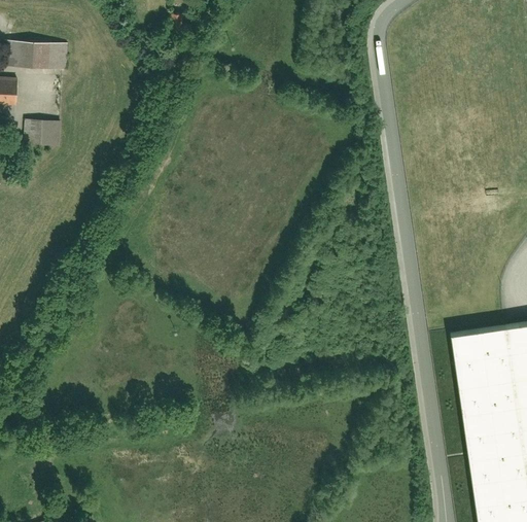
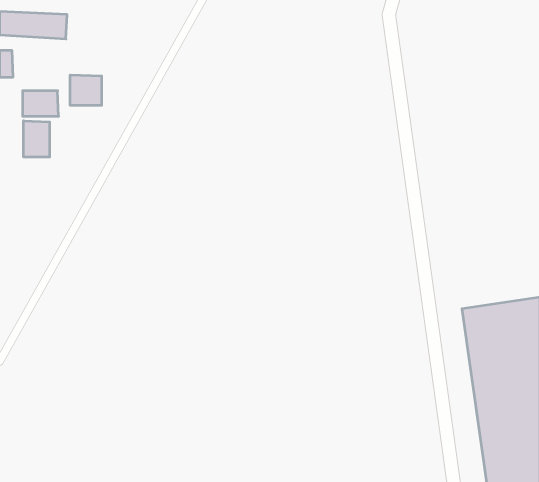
building: none -> [70,75,102,105]
building: none -> [24,121,50,157]

